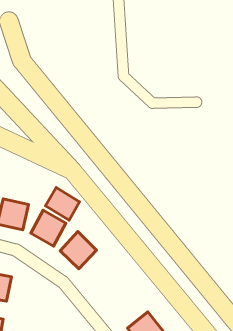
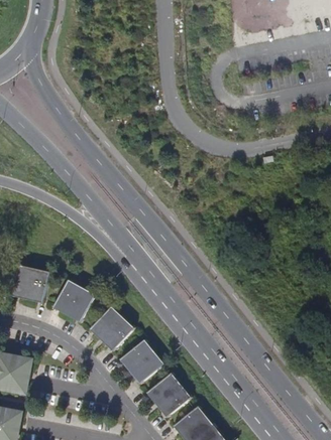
building: [46,188,80,220] -> none
building: none -> [119,339,163,385]
building: none -> [145,373,192,418]

